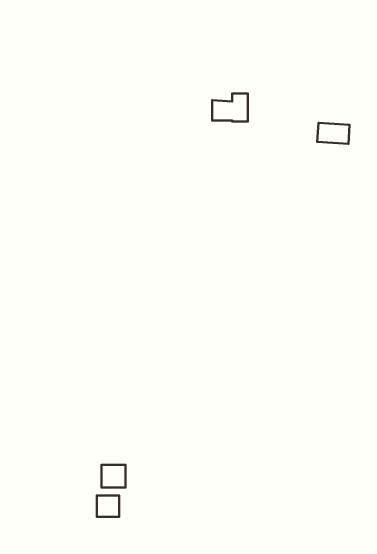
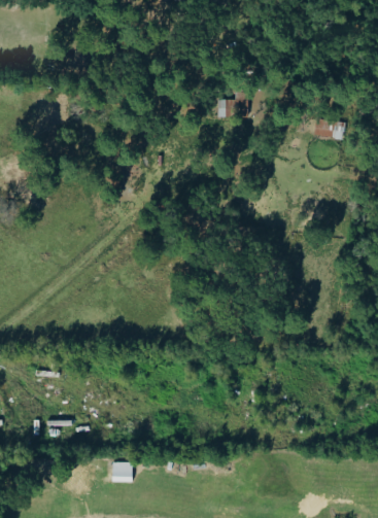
building: [101,465,125,487] -> none

